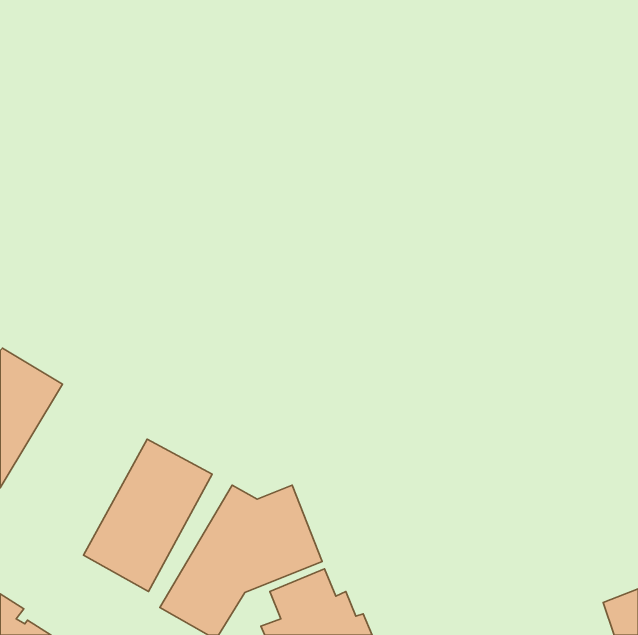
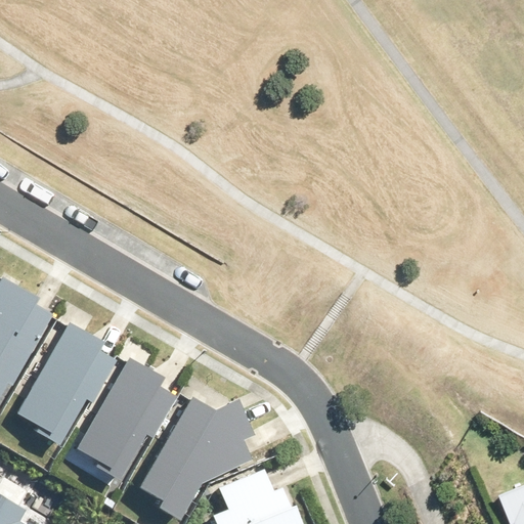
building: none -> [12,324,117,450]

